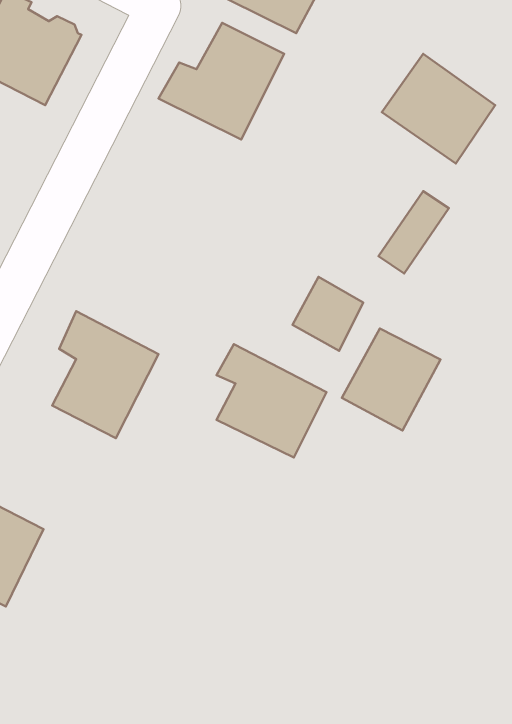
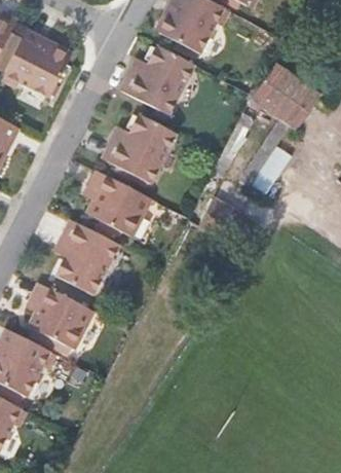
building: none -> [102,113,177,185]
building: [342,328,440,430] -> none
building: [217,344,327,457] -> [85,170,151,238]
building: none -> [28,283,94,350]

